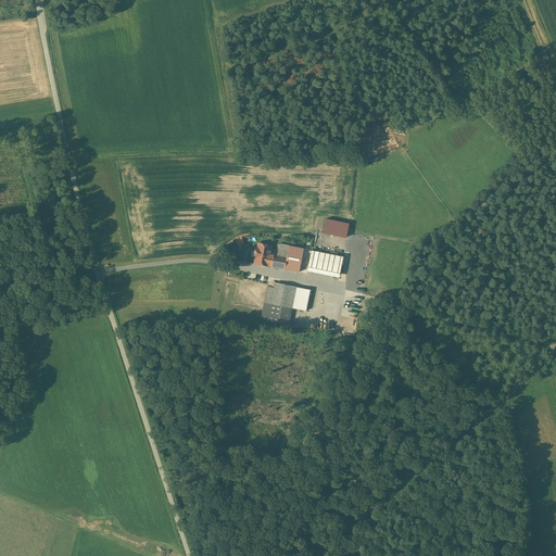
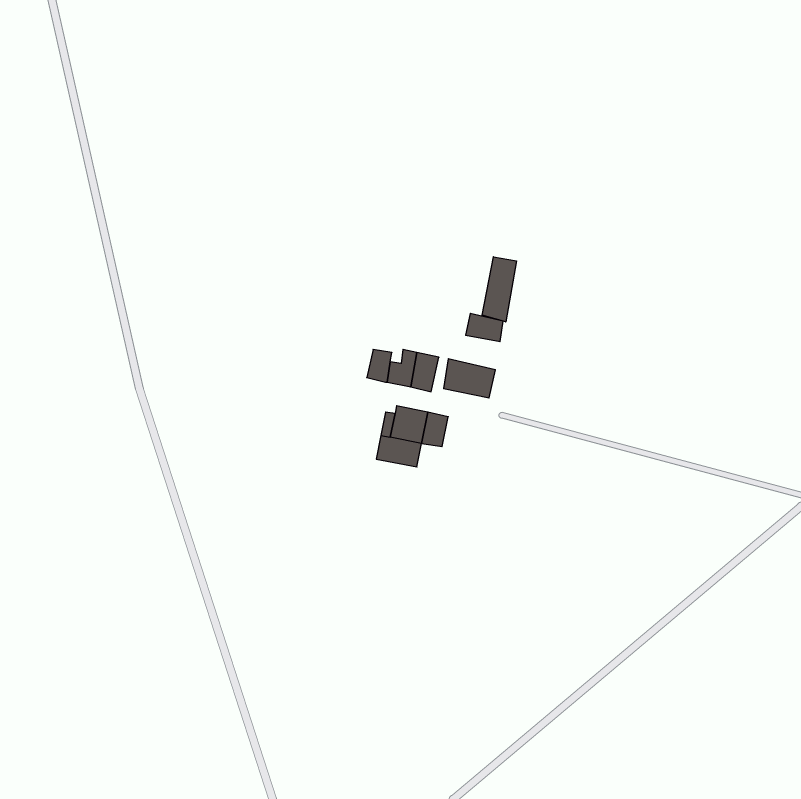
building: none -> [482,257,516,322]

